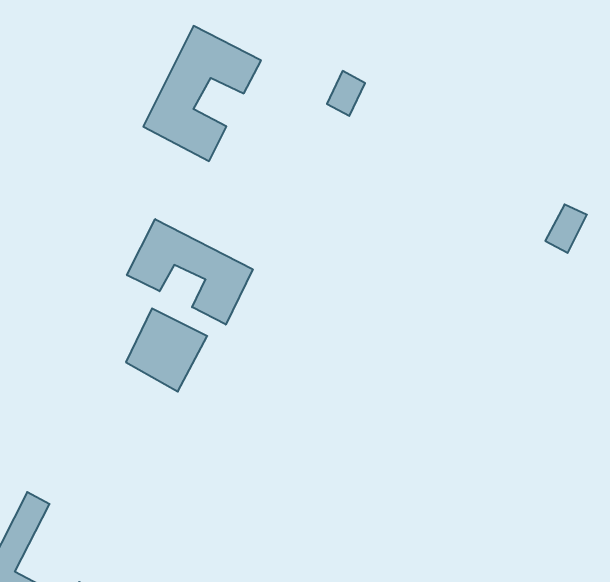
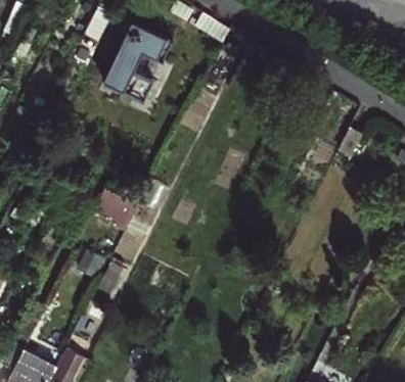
building: [127,219,253,325] -> none

